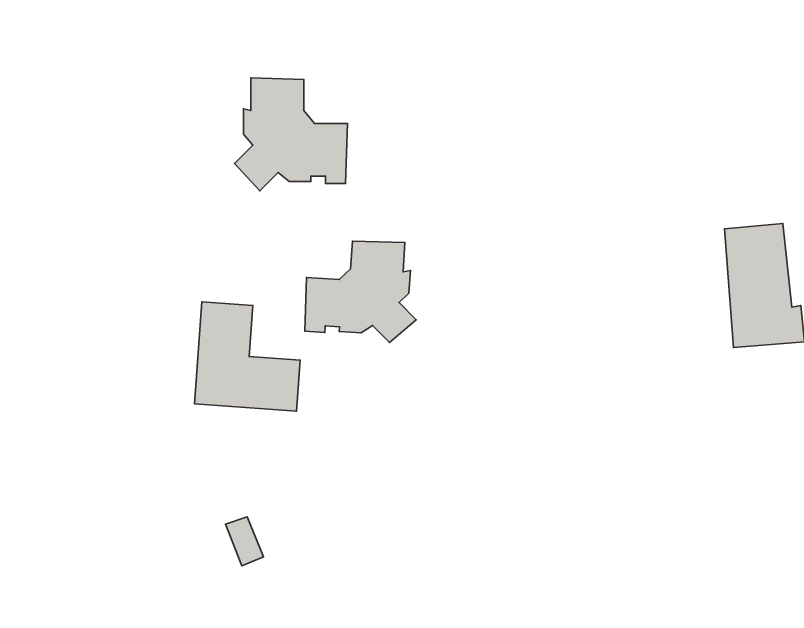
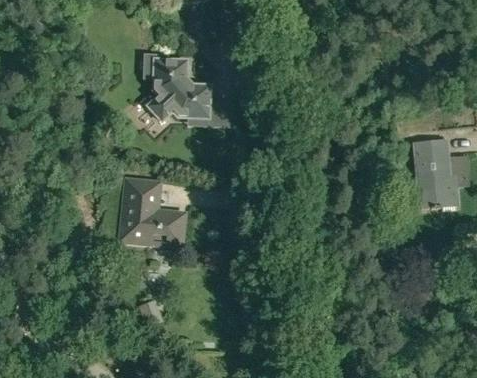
building: [305,241,416,343] -> none

